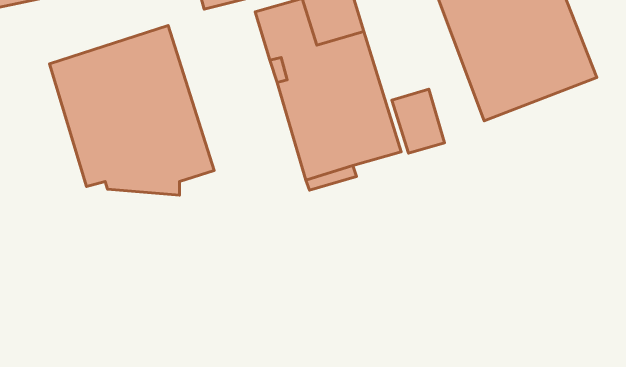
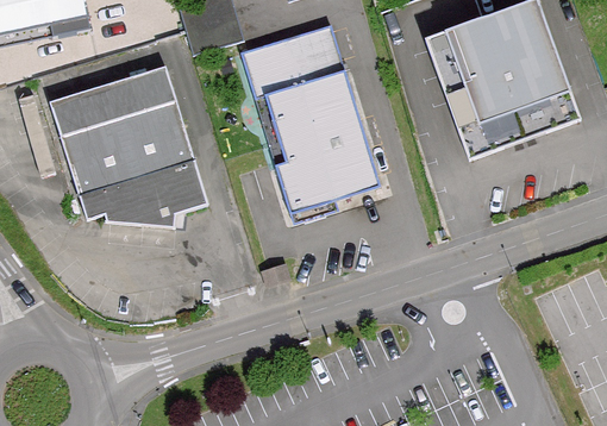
building: [392,89,445,153] -> none

